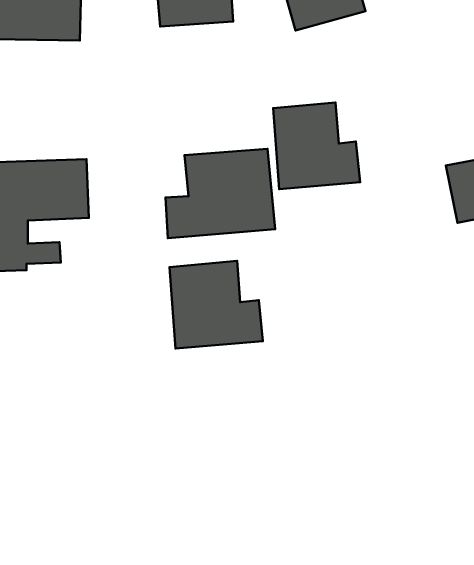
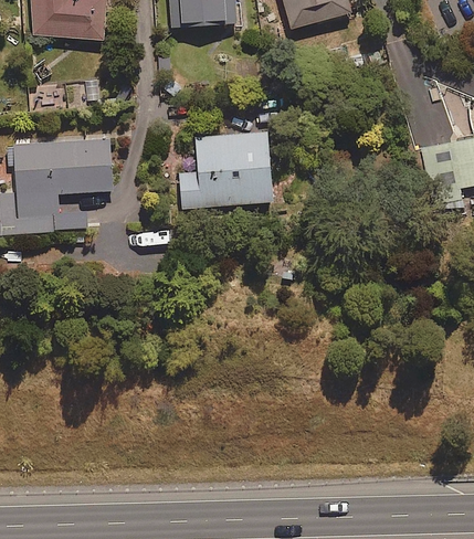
building: [273,103,360,189] -> none
building: [169,261,263,348] -> none

